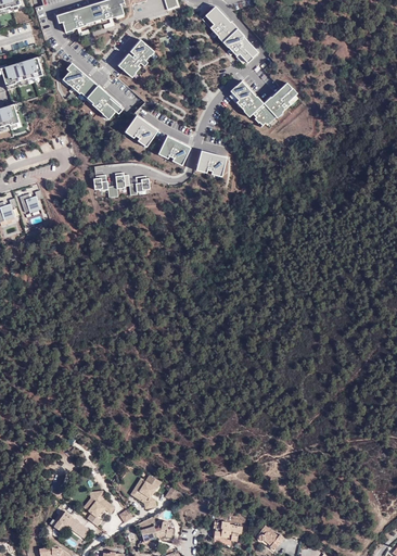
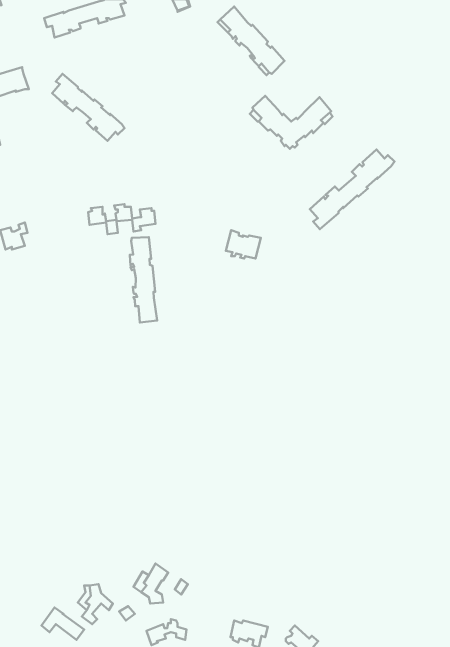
building: [117,40,151,76] -> none
building: [126,116,157,144] -> none
building: none -> [310,149,394,229]
building: [158,137,190,163] -> none
building: [196,151,226,175] -> [226,230,261,259]
building: none -> [130,237,157,323]

